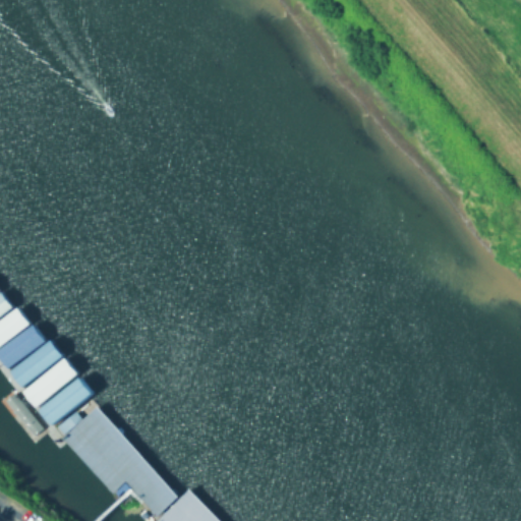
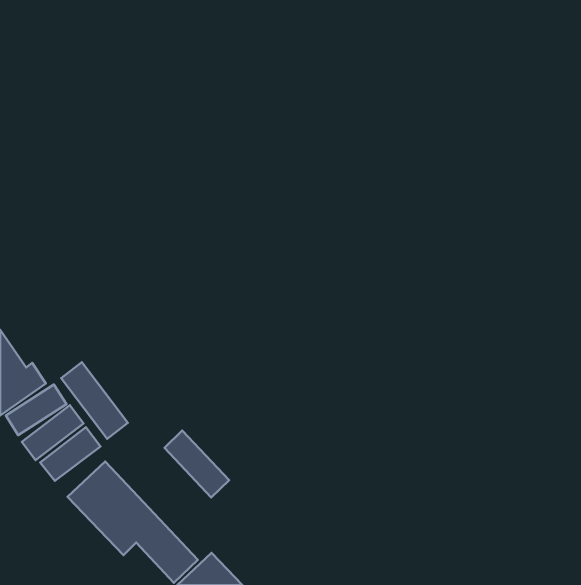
building: none -> [61,362,128,439]
building: none -> [164,431,229,497]

